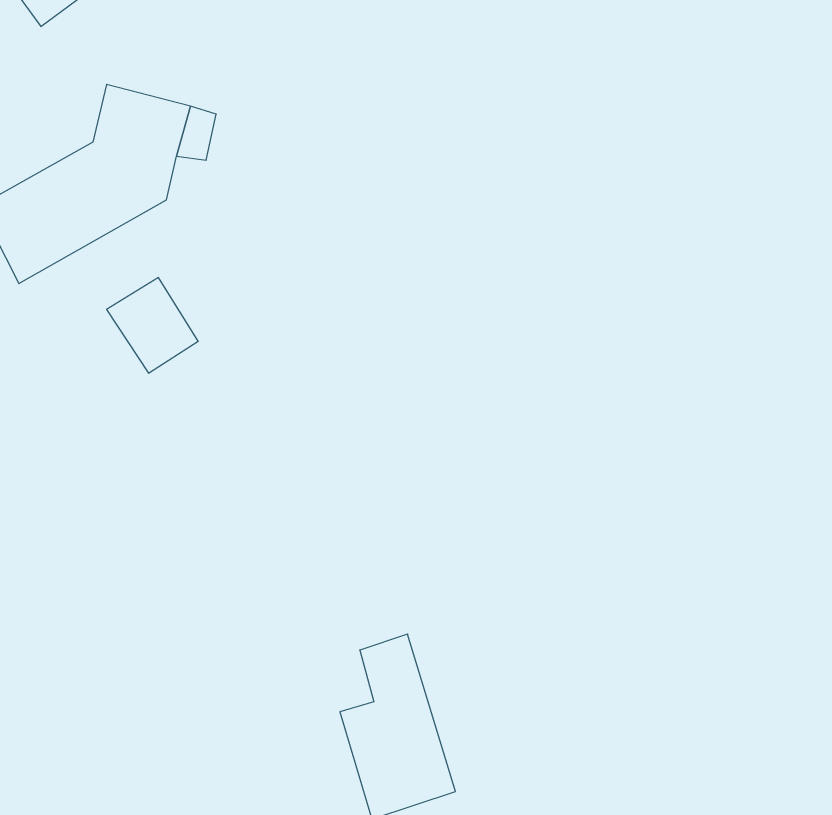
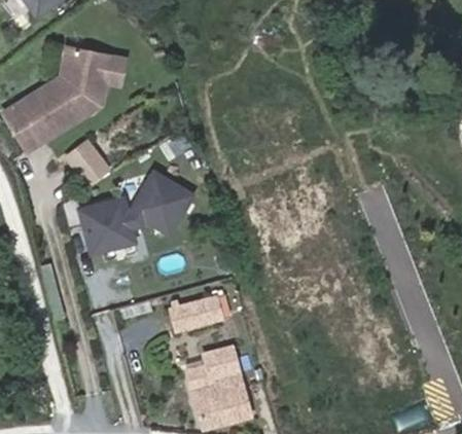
building: none -> [62,169,191,250]
building: none -> [172,294,226,330]

